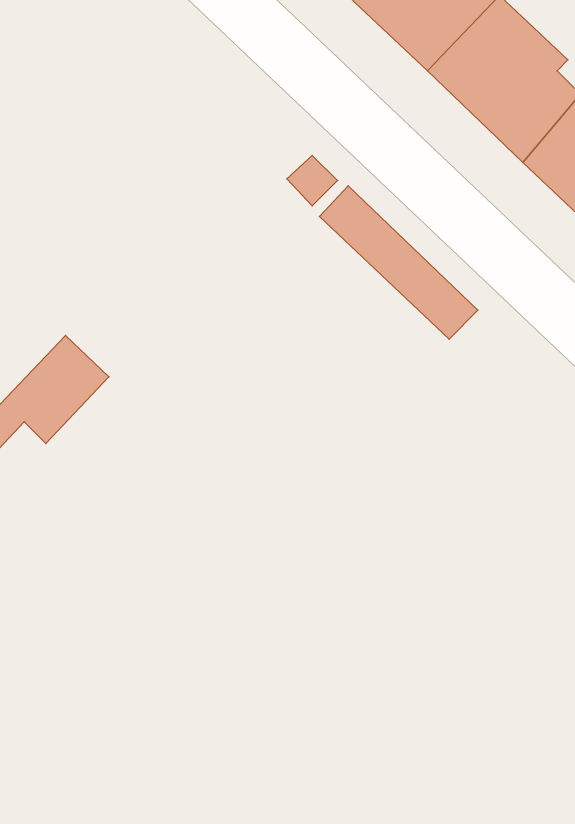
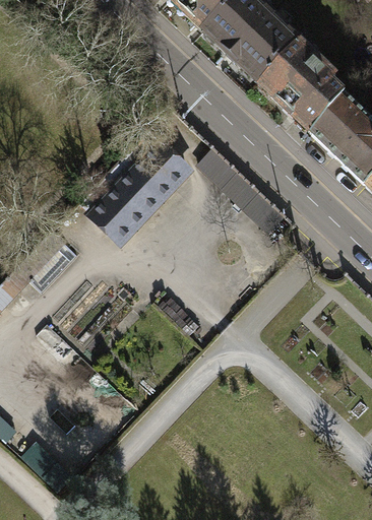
building: none -> [91,140,189,241]

